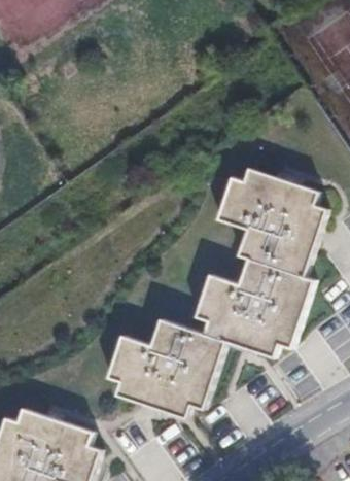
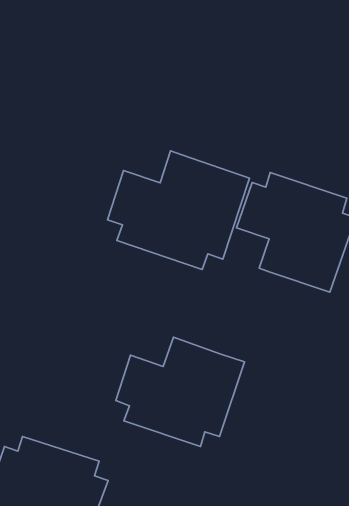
building: none -> [107,151,249,269]
building: [195,259,313,357] -> none

